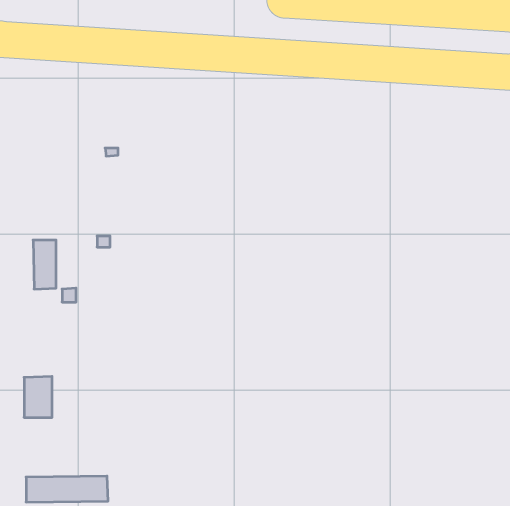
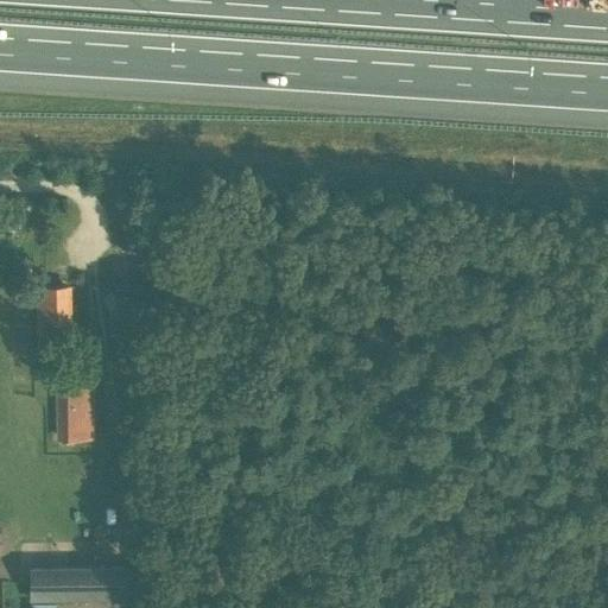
building: [24,376,52,417] -> [59,393,93,442]

